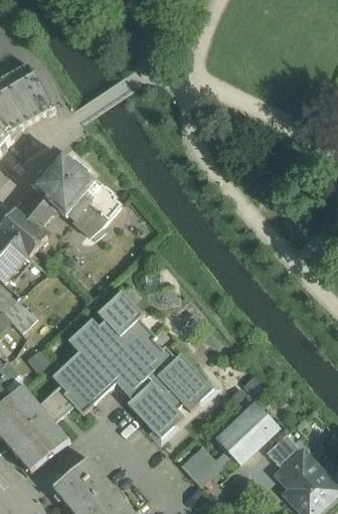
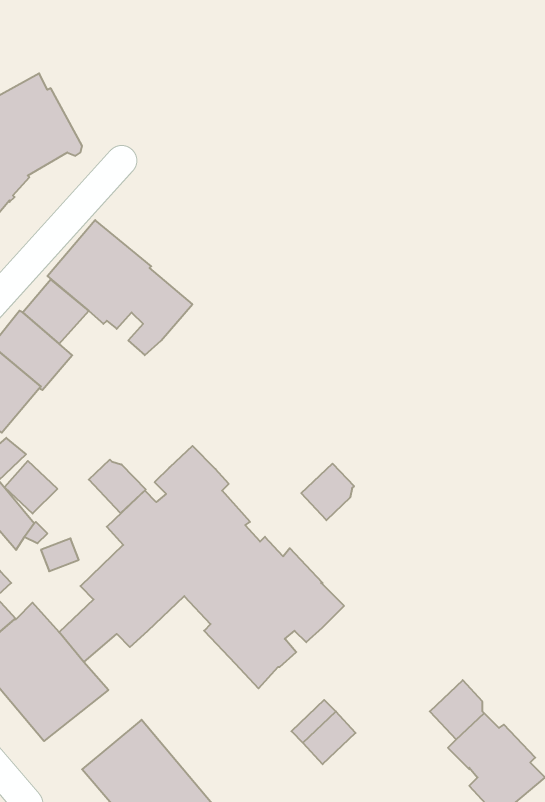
building: none -> [89,460,146,513]
building: none -> [301,464,354,520]
building: [214,403,278,462] -> none

